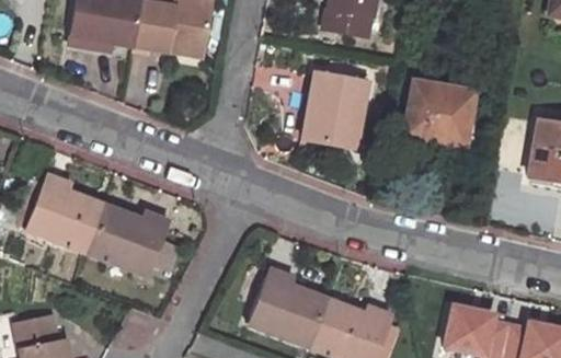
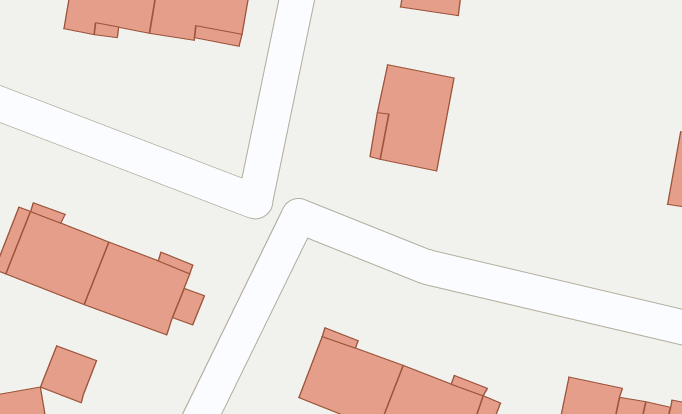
building: [403,83,474,148] -> none
building: none -> [41,346,97,403]

